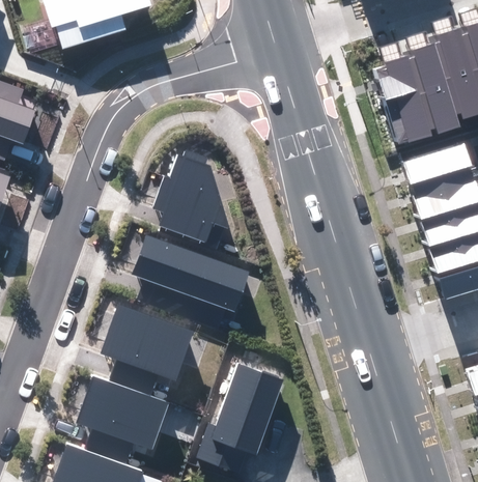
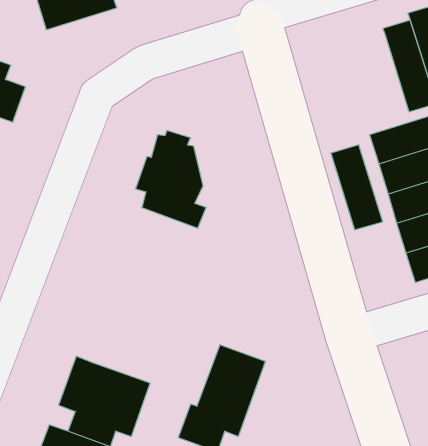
building: [375,56,427,141] -> [331,145,383,230]
building: [134,235,251,328] -> none
building: [101,305,194,397] -> none

